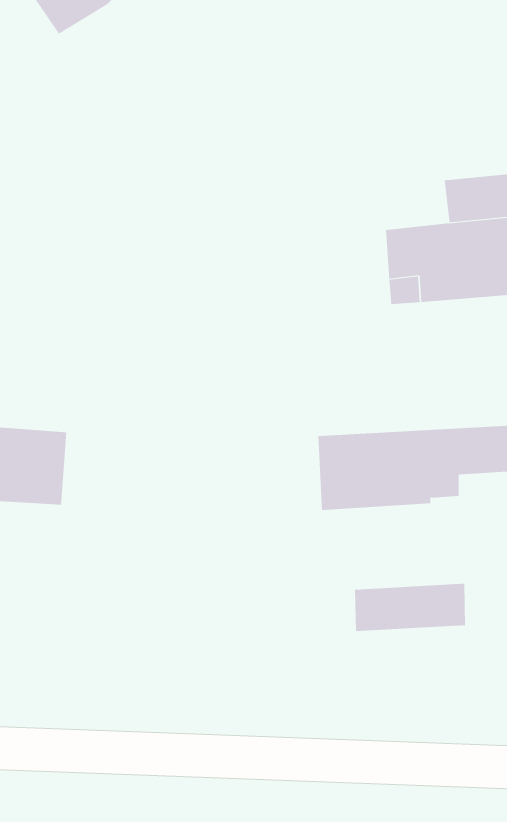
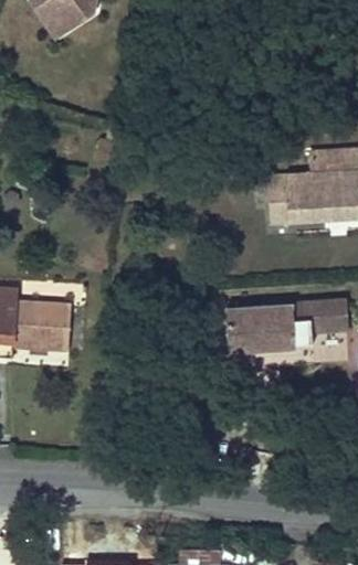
building: [354,583,466,632] -> none

